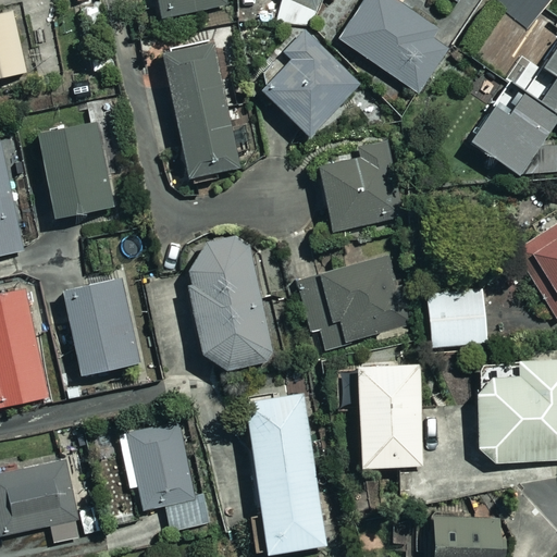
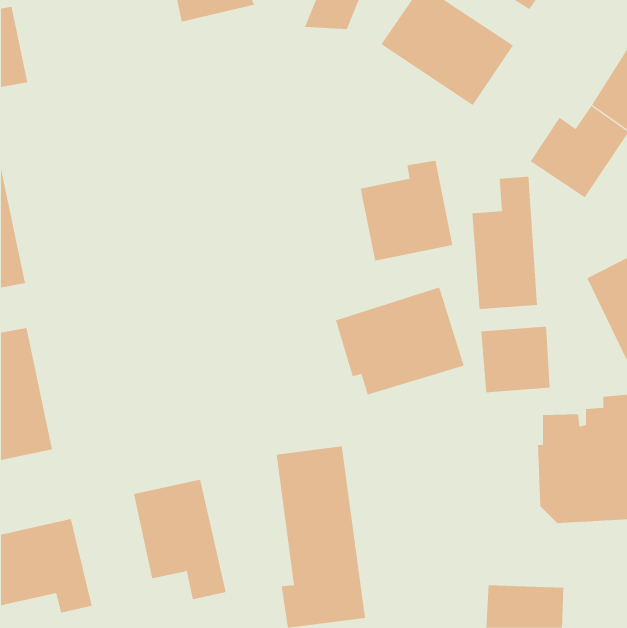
building: [262,29,362,138] -> none
building: [161,45,242,180] -> none
building: [37,124,114,220] -> none
building: none -> [472,176,537,310]
building: [187,242,277,369] -> none
building: [62,278,143,375] -> none
building: [358,366,423,468] -> none

